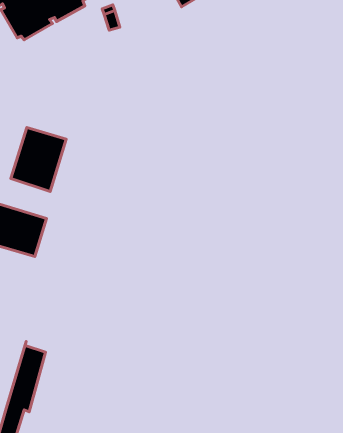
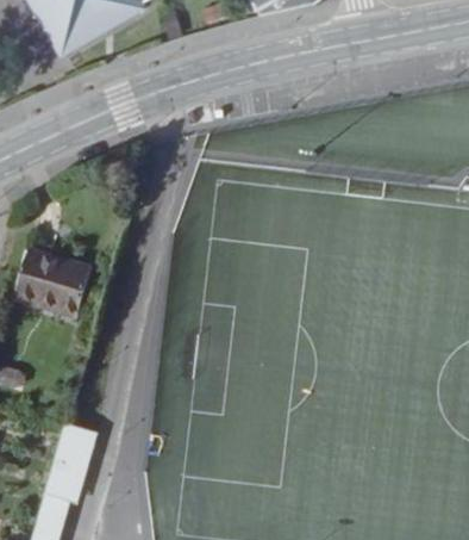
building: [11,127,66,191] -> none

